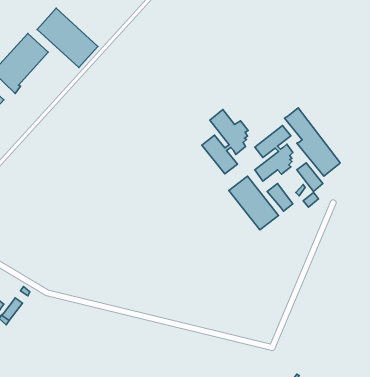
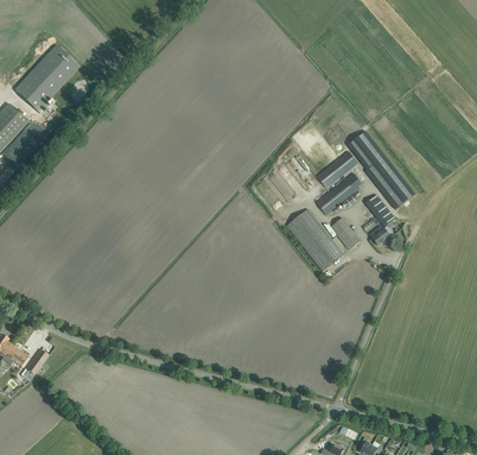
building: [37,8,98,68] -> none
building: [202,109,248,174] -> none

